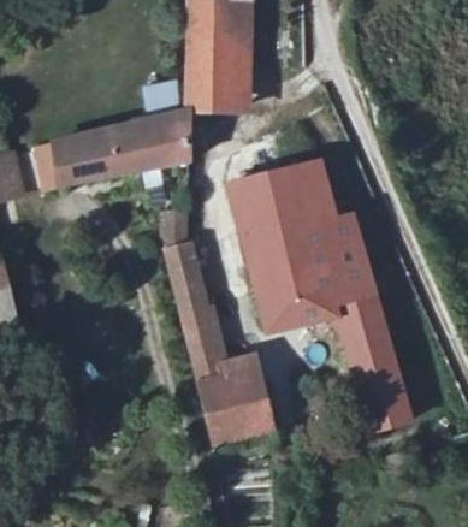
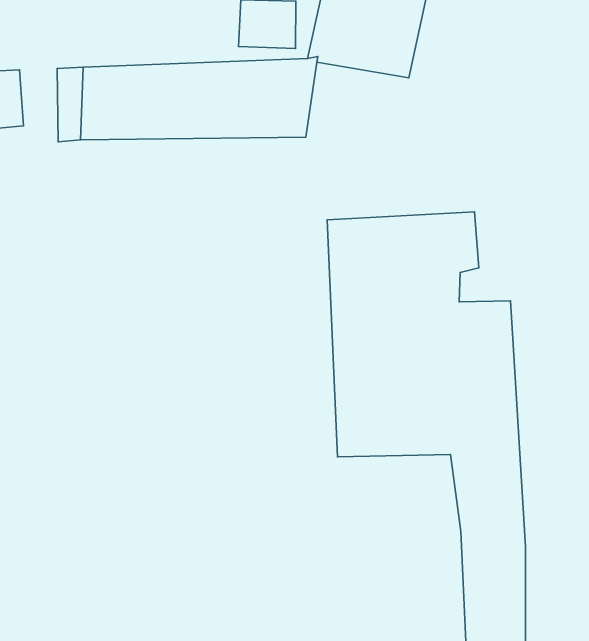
building: [176,211,265,452] -> none

